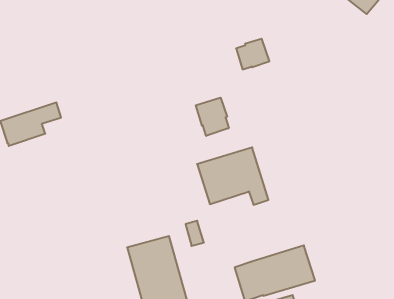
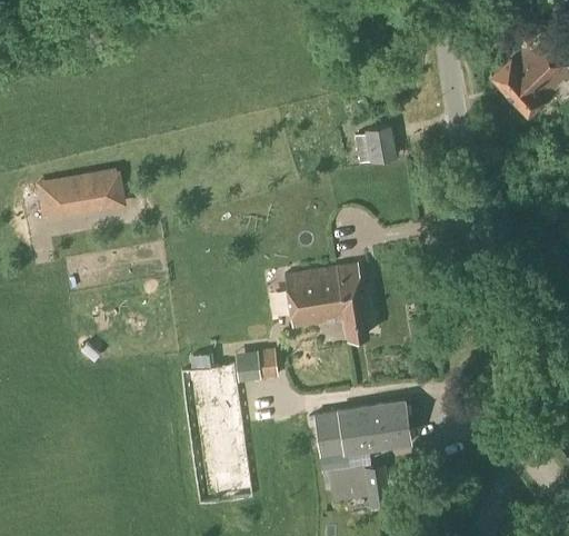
building: [196,98,229,136] -> none

